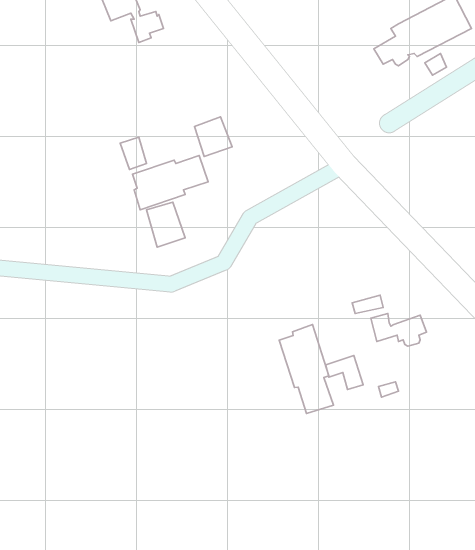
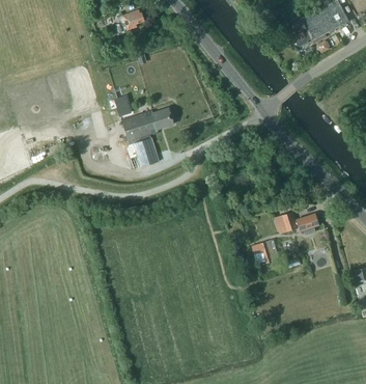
building: [194,117,232,156] -> none
building: [279,325,334,413] -> none

